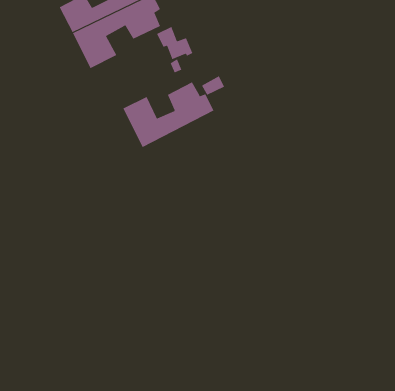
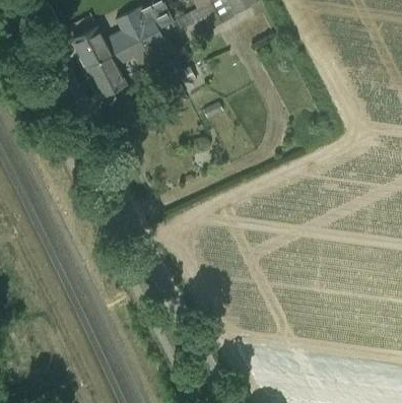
building: [123,82,214,148] -> none

